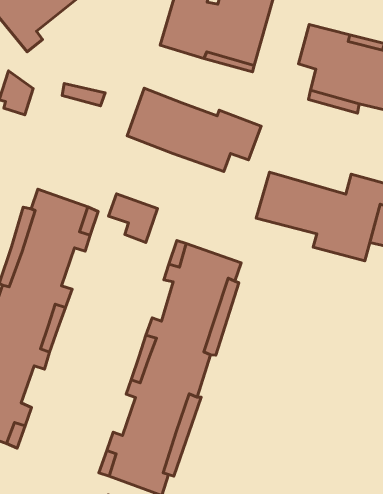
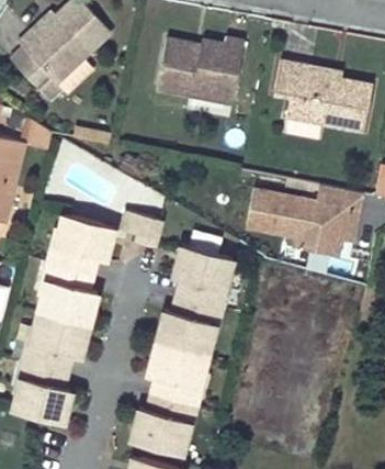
building: [127,88,261,171] -> none

